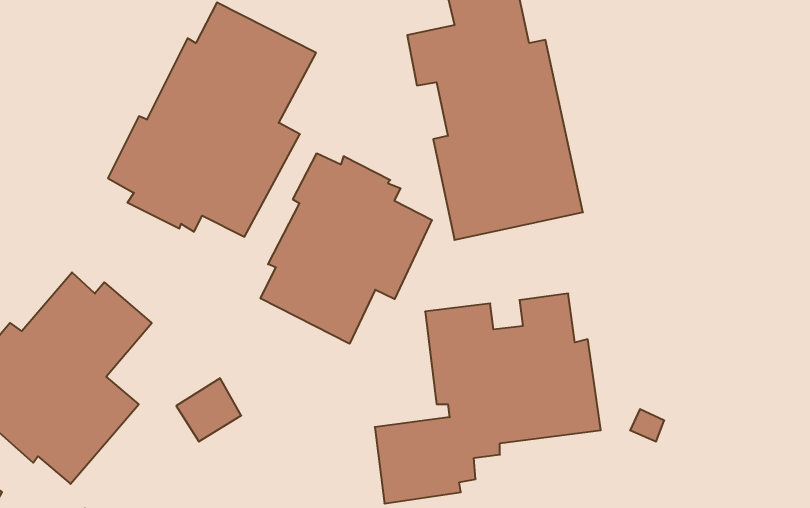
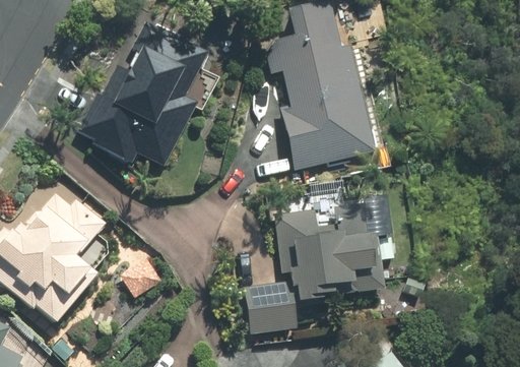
building: [261,153,432,344] -> none

